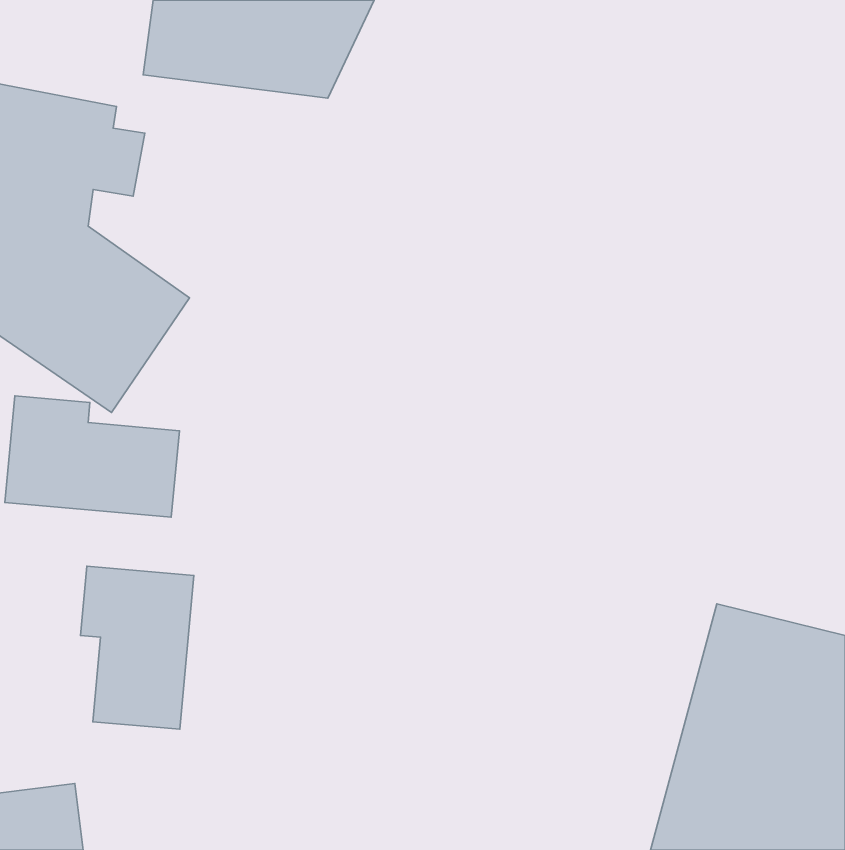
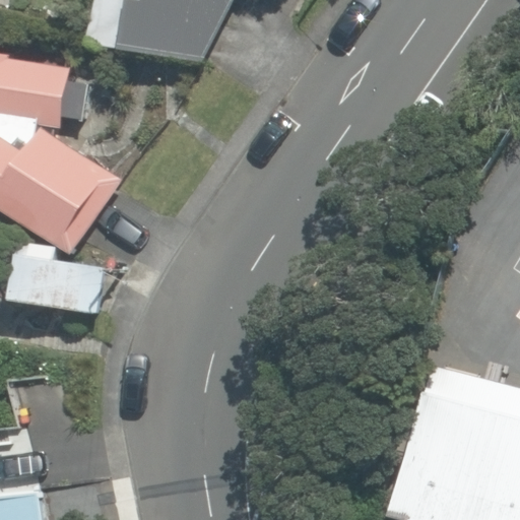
building: [80,566,194,729] -> none

